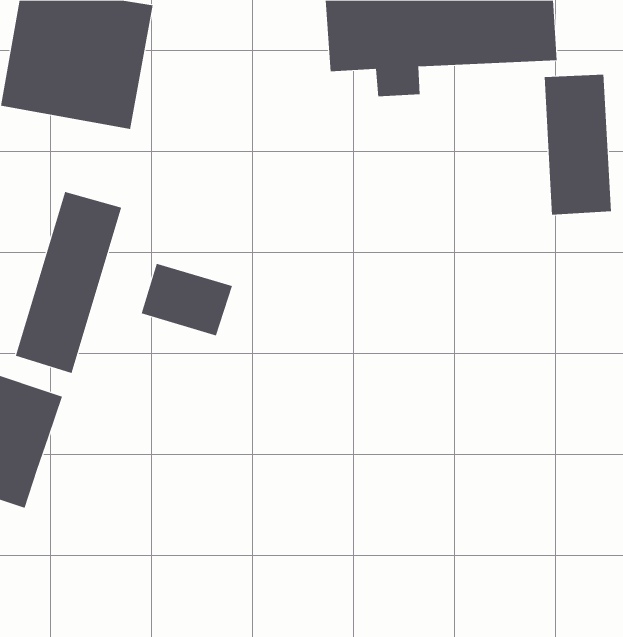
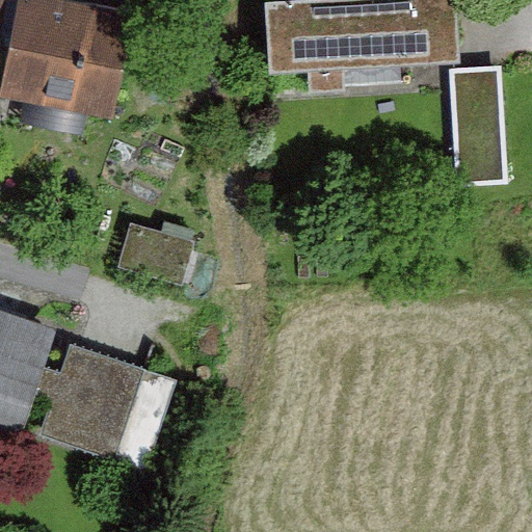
building: [15,191,122,374] -> none
building: none -> [31,343,175,477]

